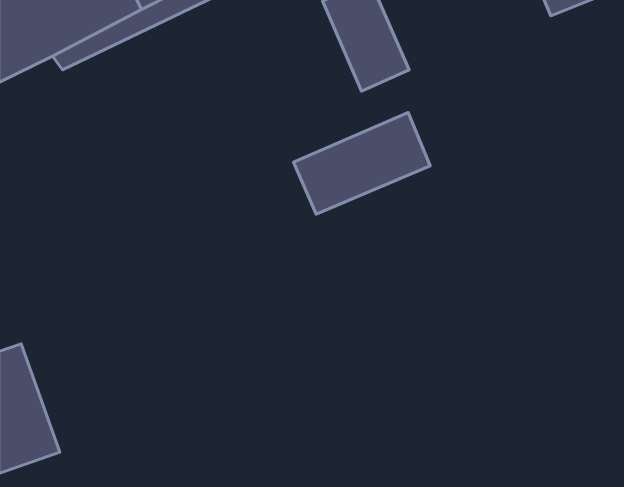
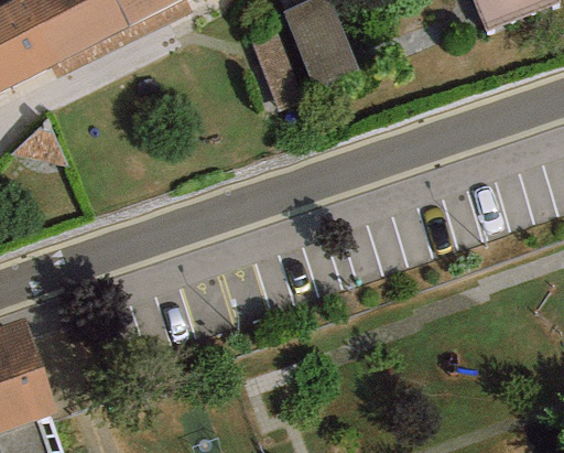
building: [293,113,430,214] -> none

